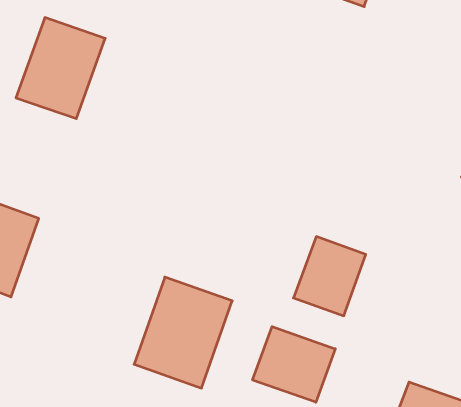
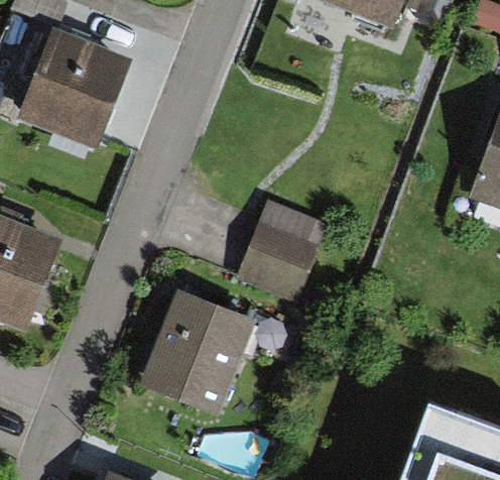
building: [293,237,366,316] -> [241,214,315,294]
building: [253,327,335,402] -> none

